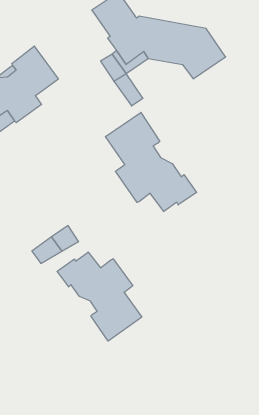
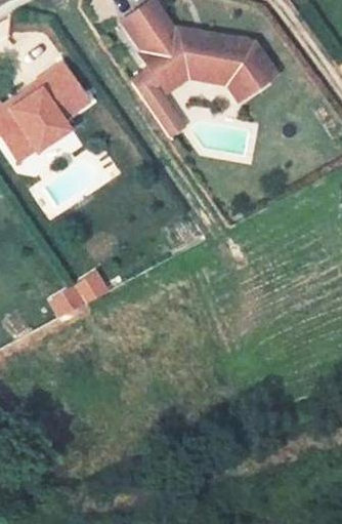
building: [105,112,197,212] -> none
building: [57,252,142,341] -> none

